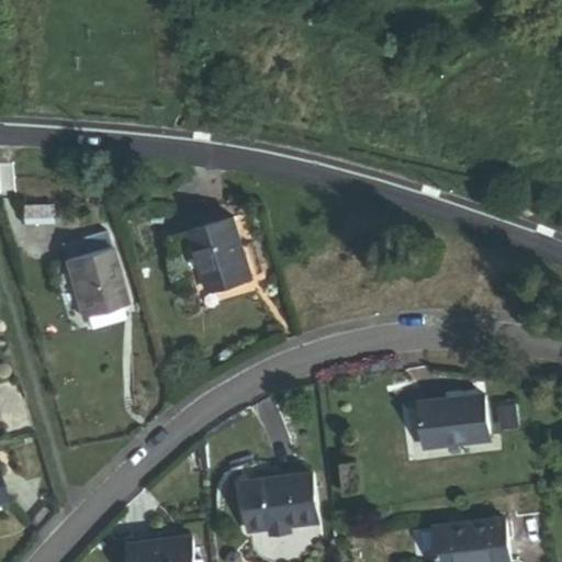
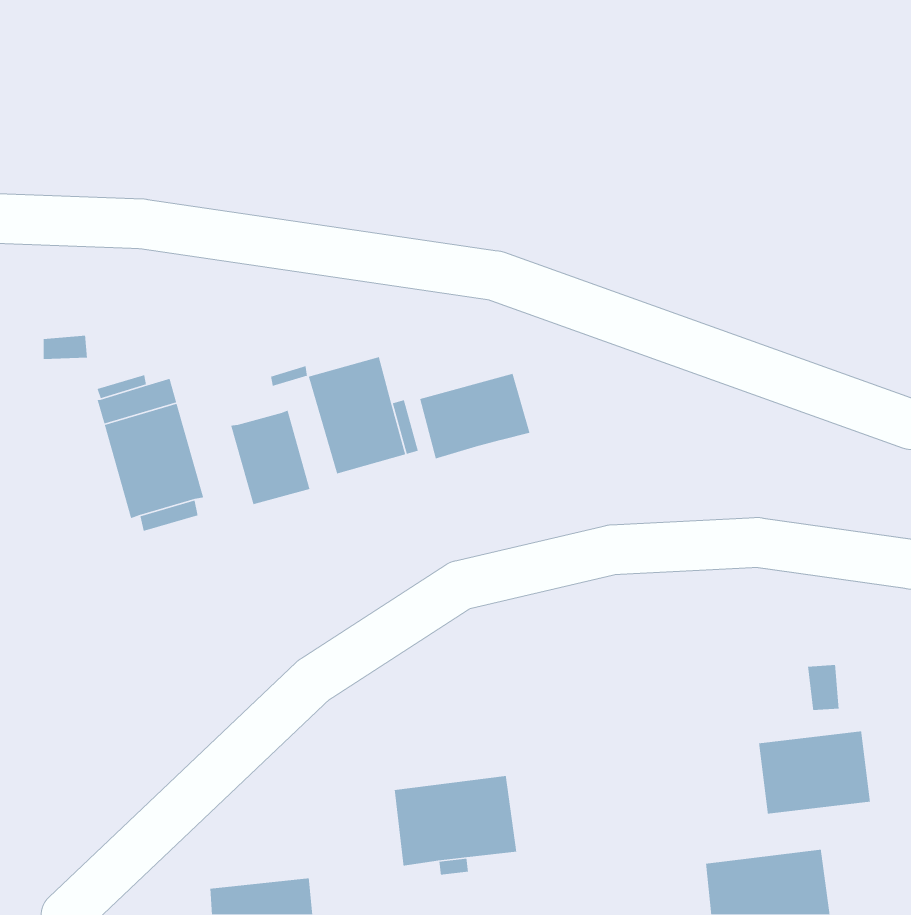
building: none -> [419,373,530,459]
building: none -> [230,410,311,505]
building: [417,397,486,449] -> [758,730,871,815]

